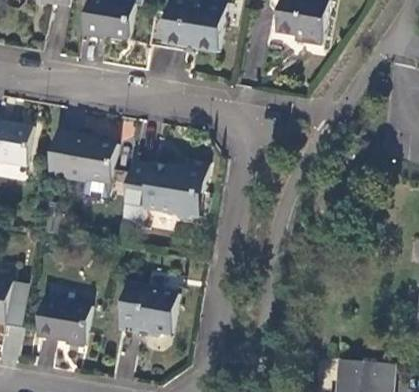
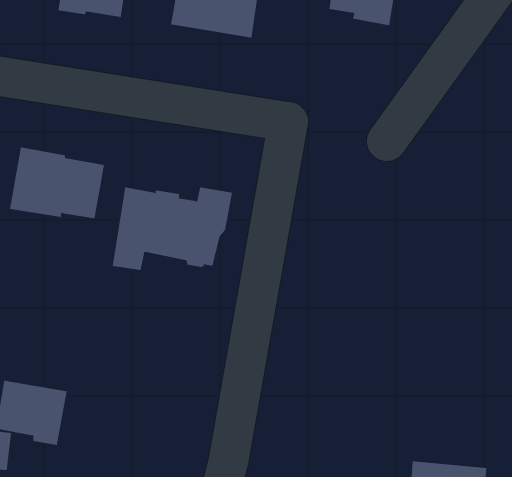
building: [118,282,178,336] -> none

